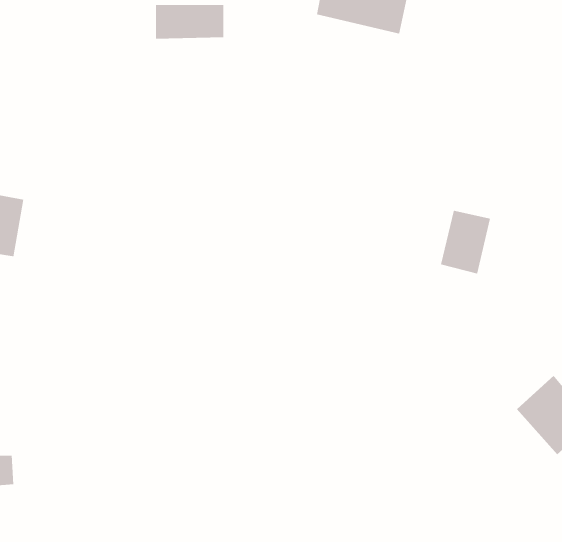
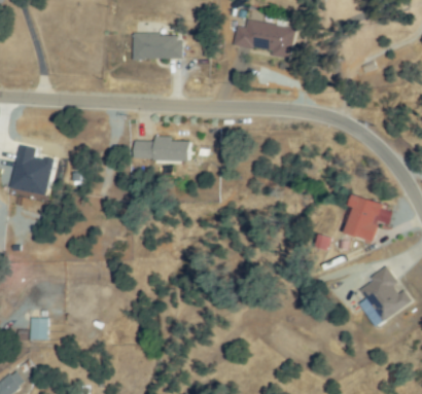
building: none -> [136,138,187,162]
building: [440,210,491,274] -> [347,199,379,239]

